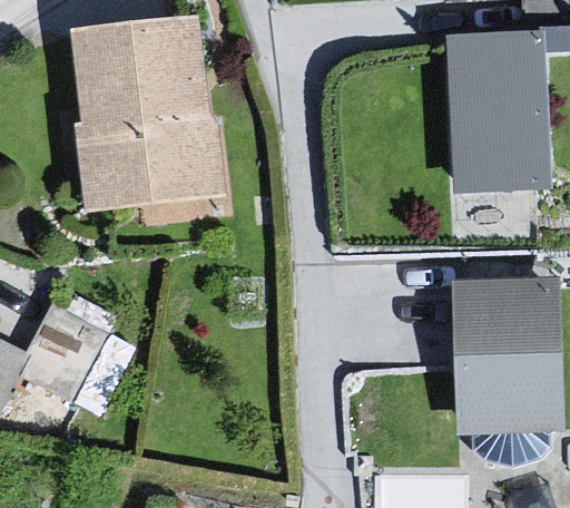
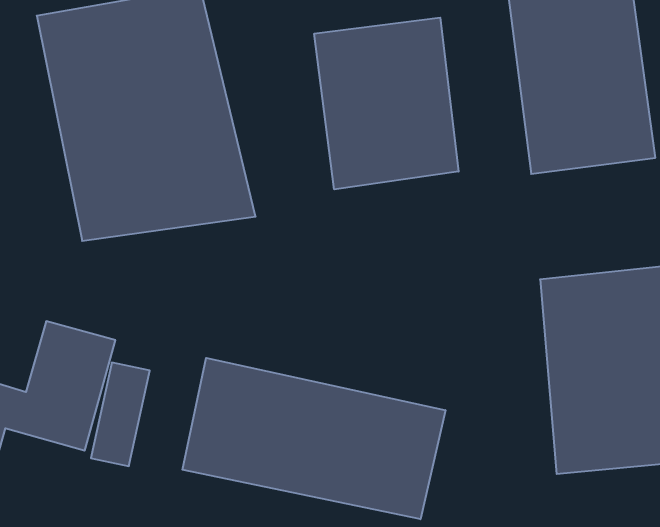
building: none -> [314,18,459,189]
building: none -> [182,358,445,519]

